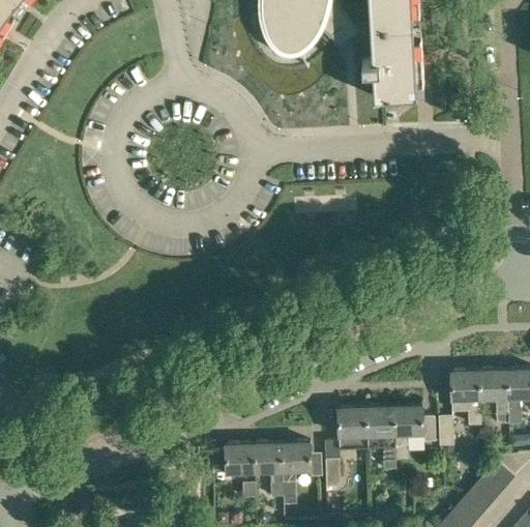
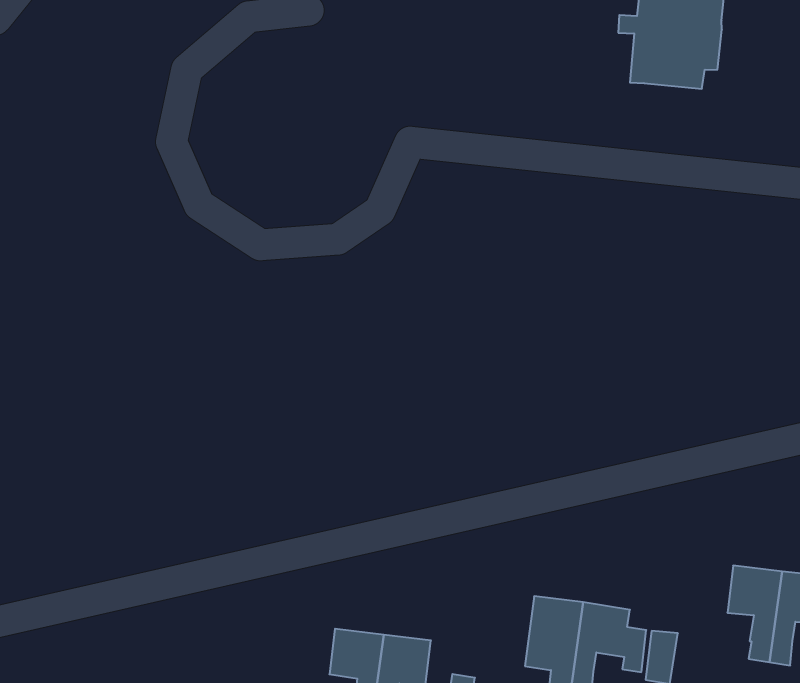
building: [450,371,480,424] -> none
building: [337,407,366,450] -> none
building: [225,444,254,472] -> none

